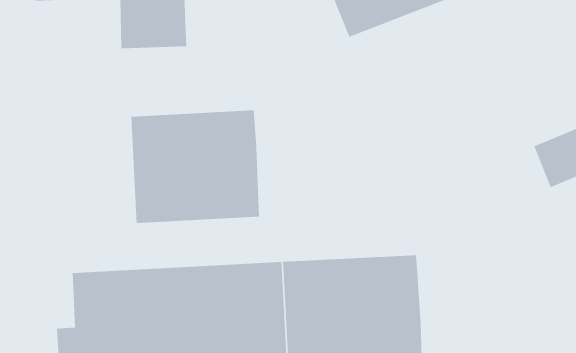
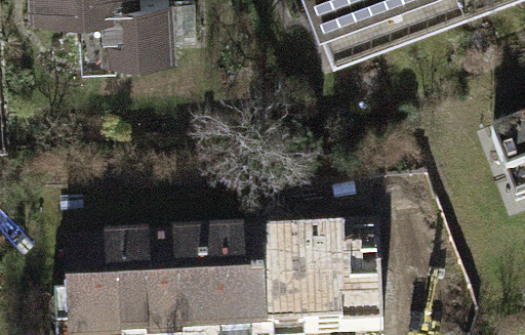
building: [131,109,259,224] -> none

